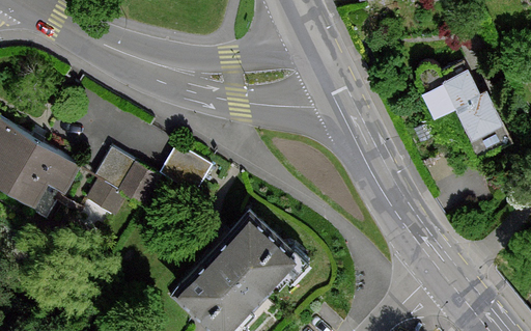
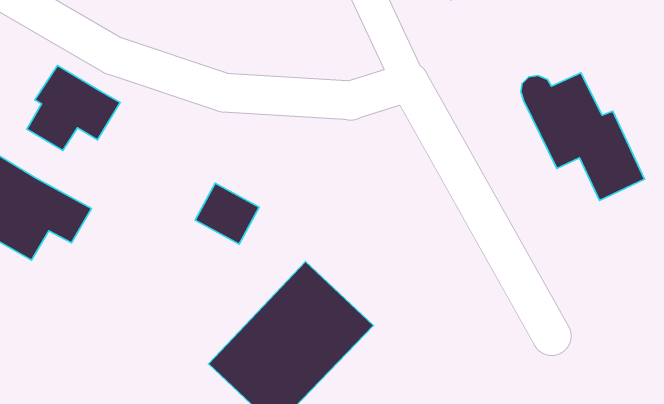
building: [87,149,160,216] -> [27,65,120,150]

